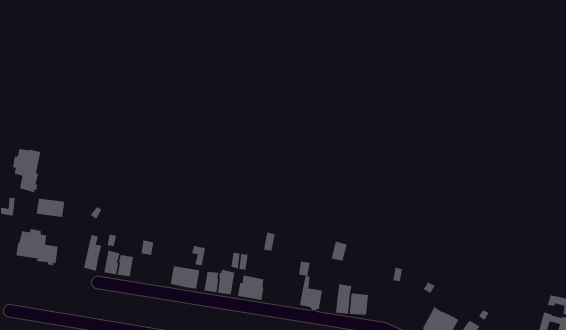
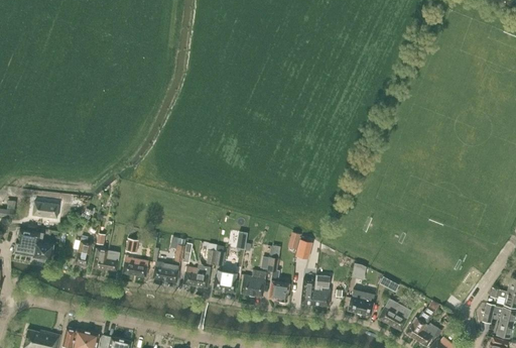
building: [12,147,41,193] -> none
building: none -> [123,254,149,276]
building: none -> [242,269,267,296]
building: none -> [349,289,376,315]

